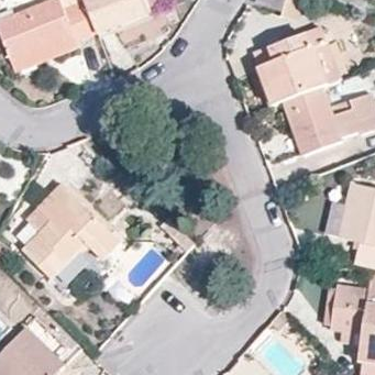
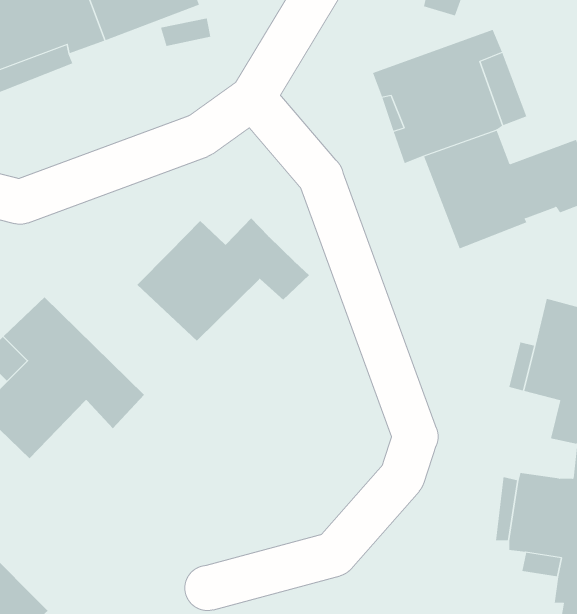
building: none -> [137,218,310,342]

